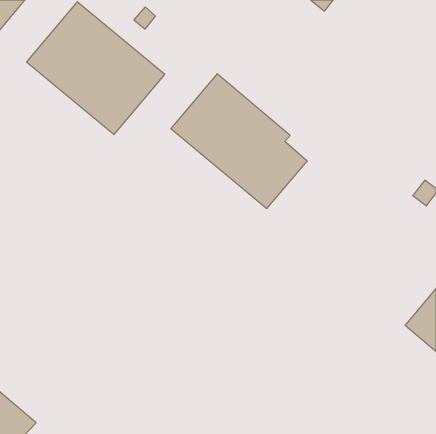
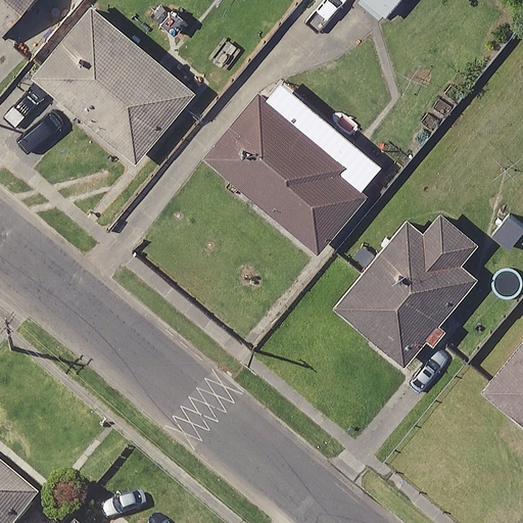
building: none -> [332,215,478,369]

